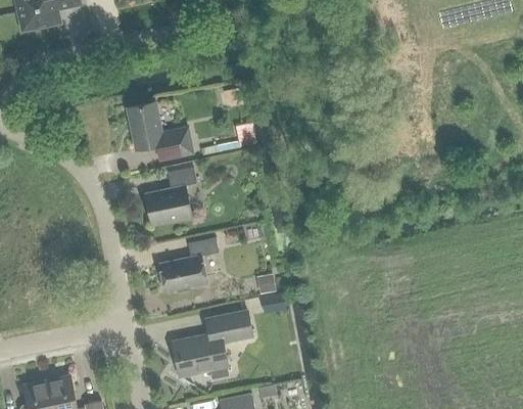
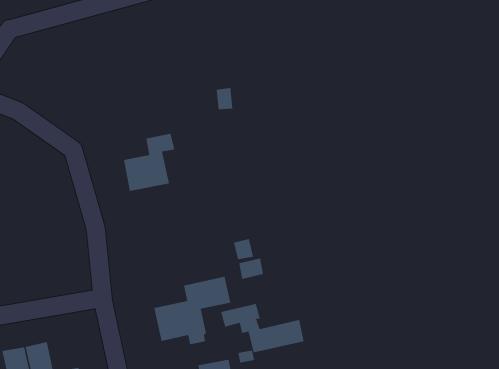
building: [127,102,193,161] -> none
building: [159,238,219,292] -> none
building: none -> [221,303,304,353]

